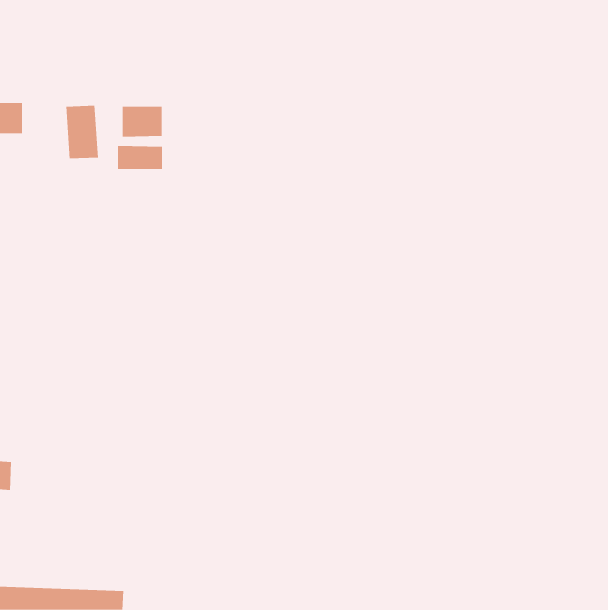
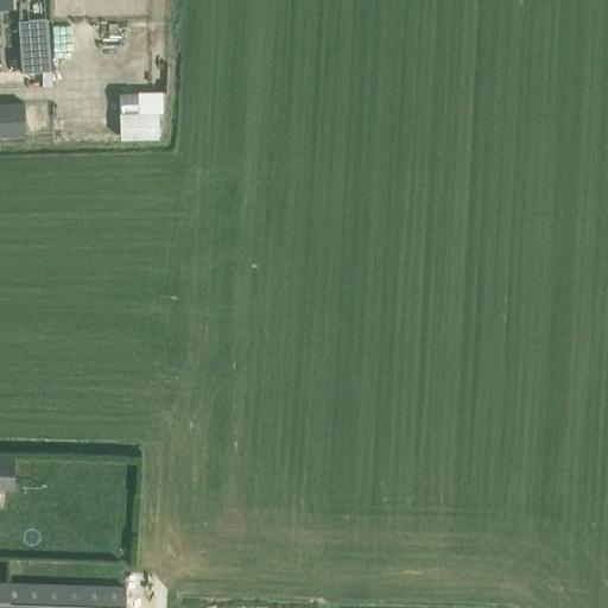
building: [65,105,99,159] -> [19,15,52,69]
building: [118,145,163,170] -> none

